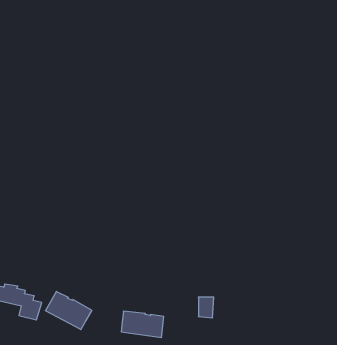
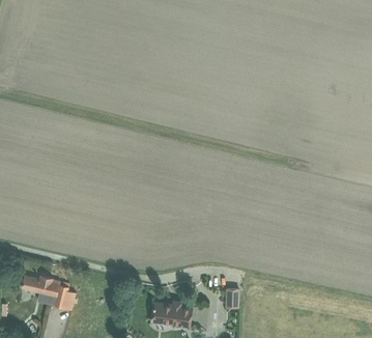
building: [45,291,92,330] -> none

